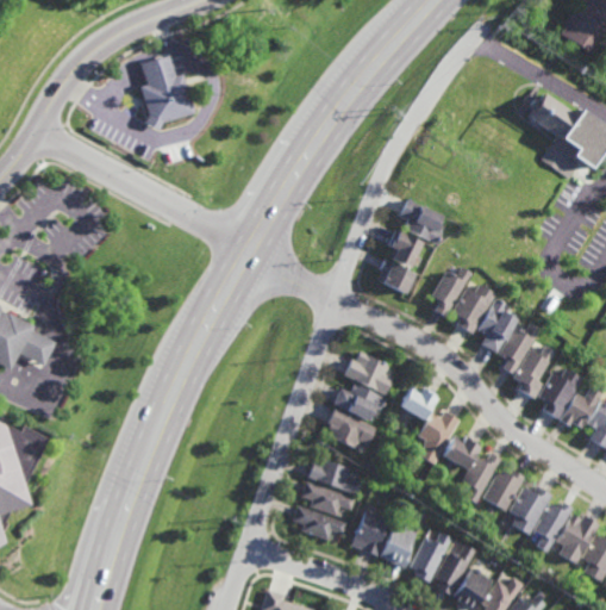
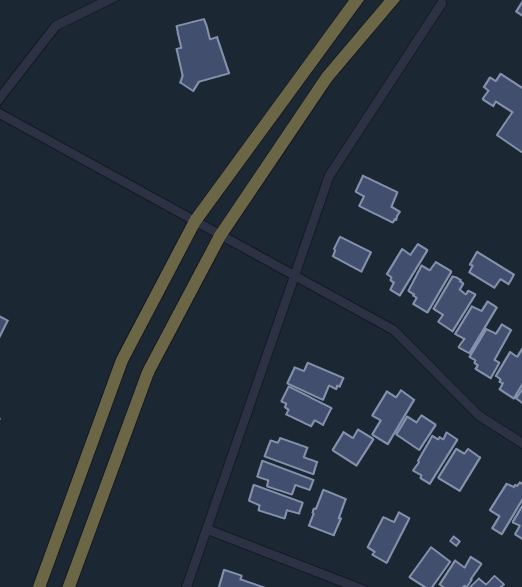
building: [143,58,195,130] -> [176,19,229,91]
building: [387,229,421,267] -> none
building: none -> [469,252,514,288]
building: [343,351,394,396] -> none
building: [398,386,438,422] -> [333,430,373,466]
building: [508,486,551,535] -> none
building: [381,523,419,568] -> none
building: [436,544,477,596] -> none

